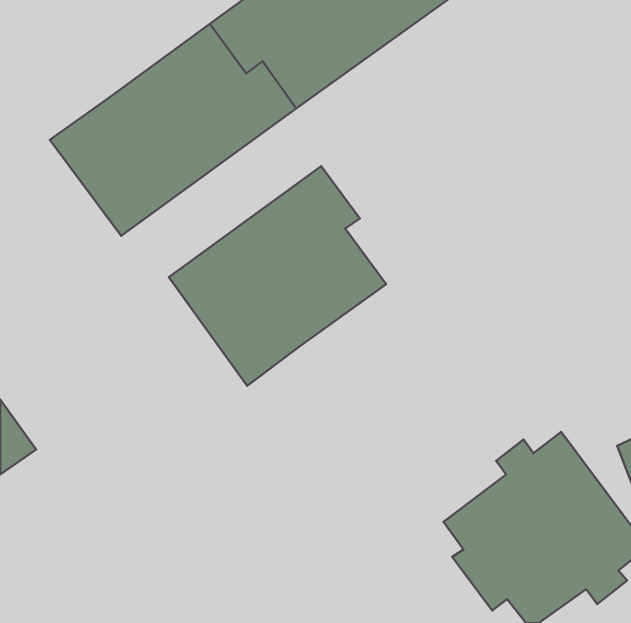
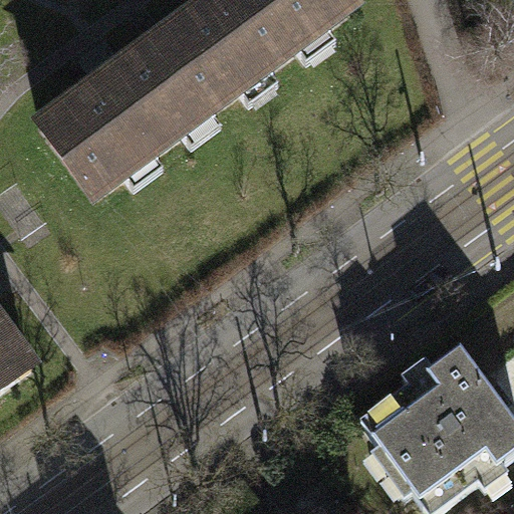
building: [169,166,386,386] -> none

